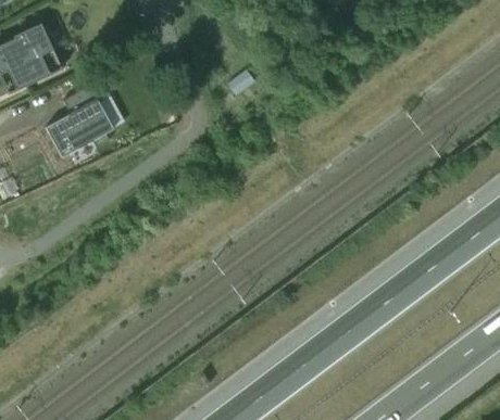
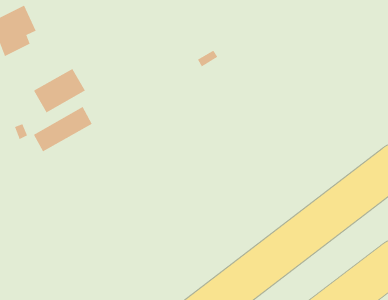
building: none -> [33,106,93,152]

